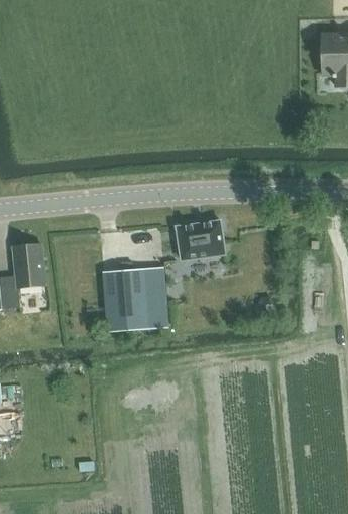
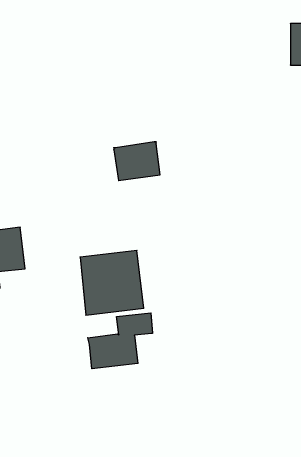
building: [177,219,225,259] -> [114,142,160,181]
building: none -> [88,313,153,369]

